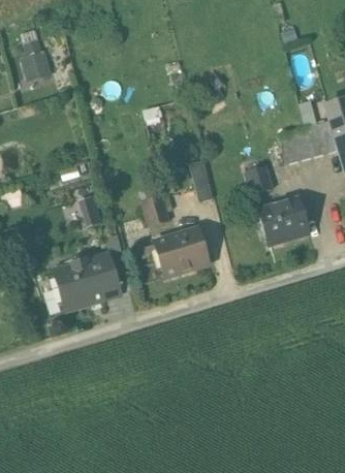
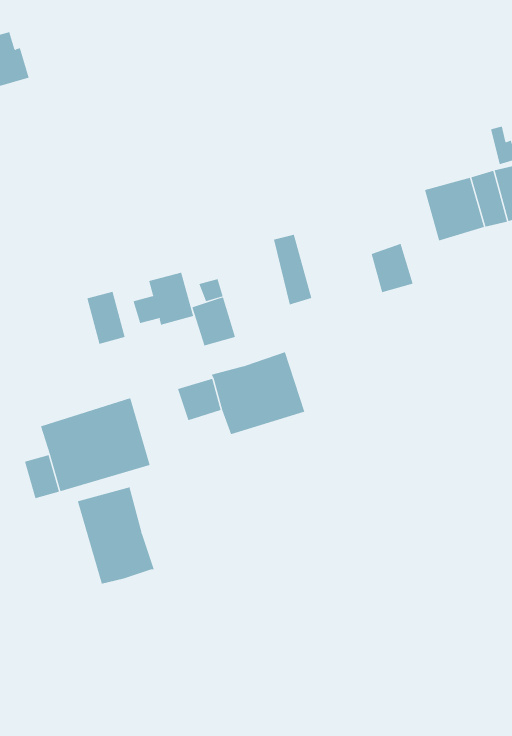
building: none -> [133,272,194,325]
building: [258,197,309,245] -> none
building: none -> [77,486,154,584]

